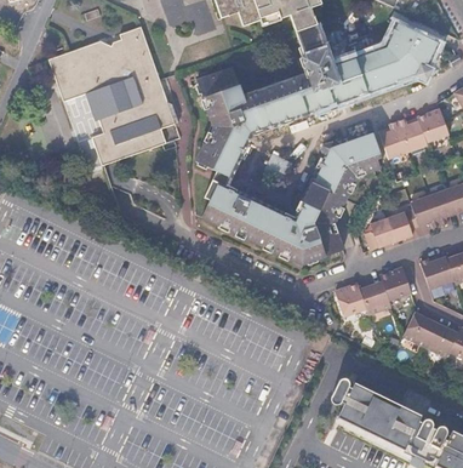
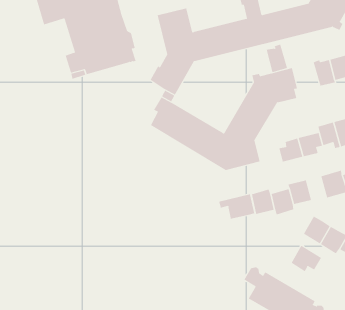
building: [378,121,407,158] -> [266,44,288,73]
building: none -> [218,194,255,219]
building: none -> [291,245,322,272]

